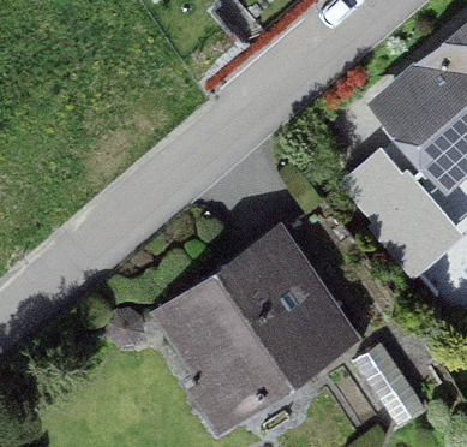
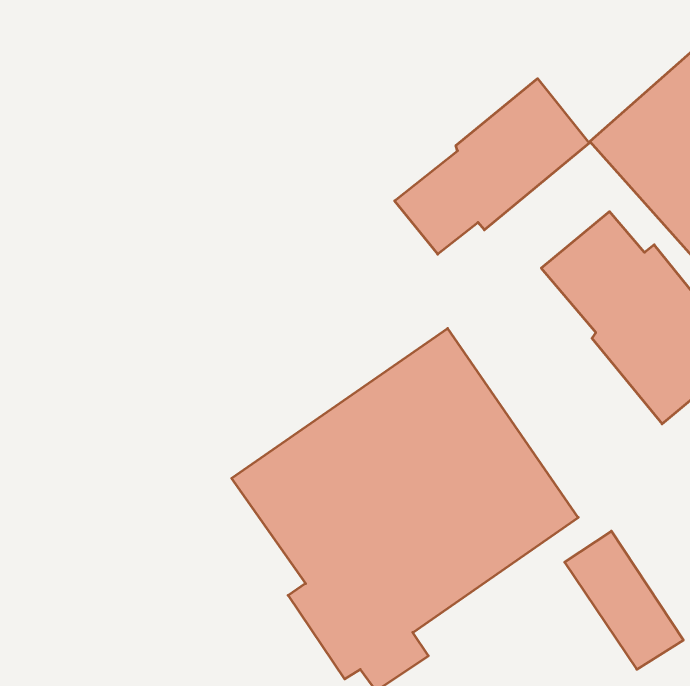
building: none -> [395,79,589,254]

